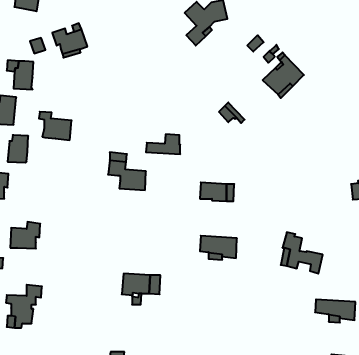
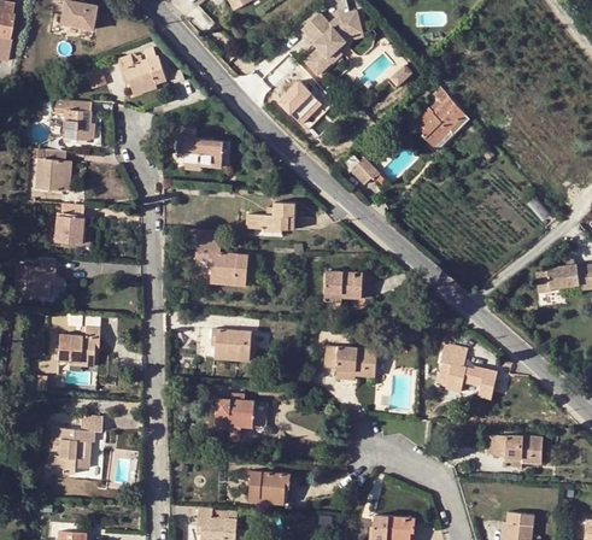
building: none -> [279,76,334,130]
building: [39,112,72,140] -> [176,128,222,168]
building: none -> [211,328,251,357]
building: none -> [248,470,289,498]

